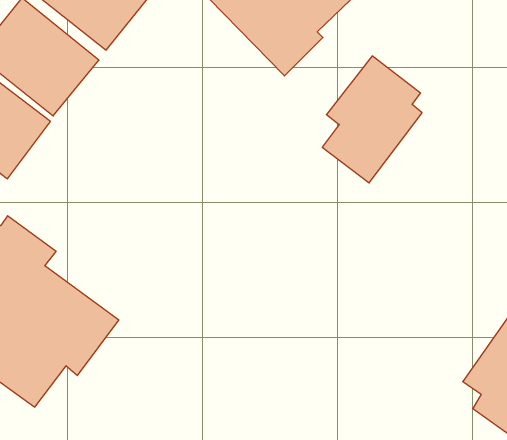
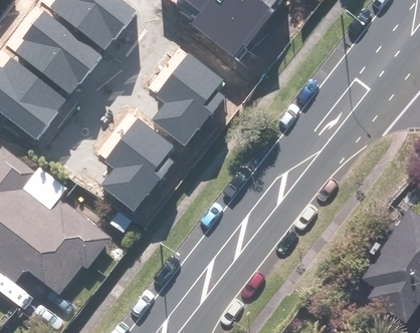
building: [322,56,422,183] -> [155,54,225,143]
building: none -> [103,119,175,209]

